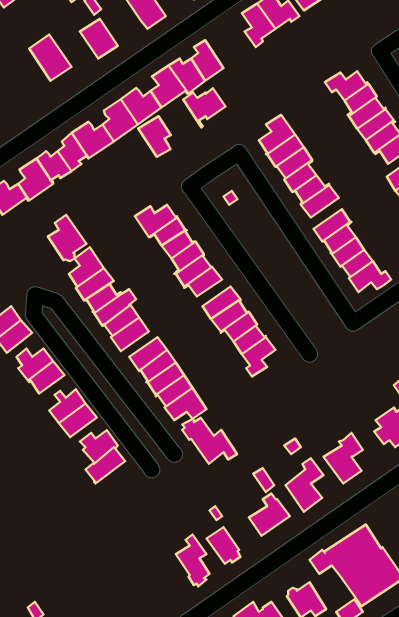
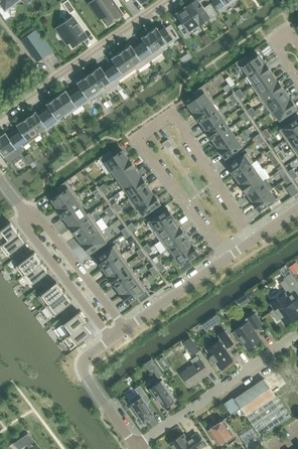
building: [183,88,225,128] -> [148,24,178,52]
building: [138,116,171,157] -> none
building: [48,215,87,261] -> none
building: [182,418,237,464] -> none

